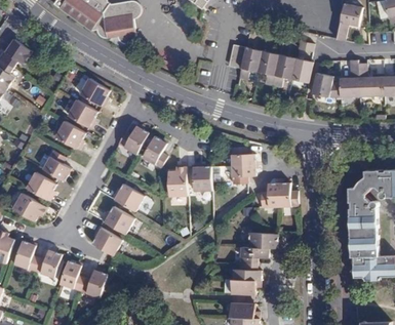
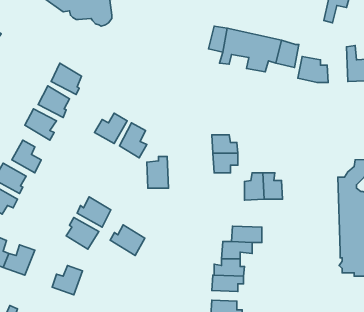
building: [339,59,358,97] -> none
building: [193,163,212,192] -> none
building: [112,184,145,212] -> [110,225,145,255]
building: [60,260,83,290] -> none

